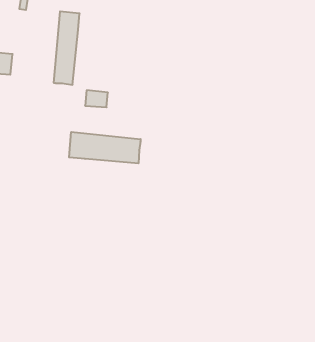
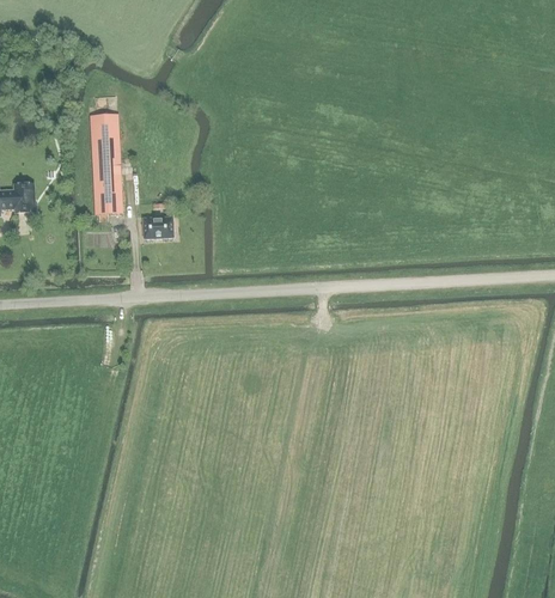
building: [69,132,141,163] -> none

